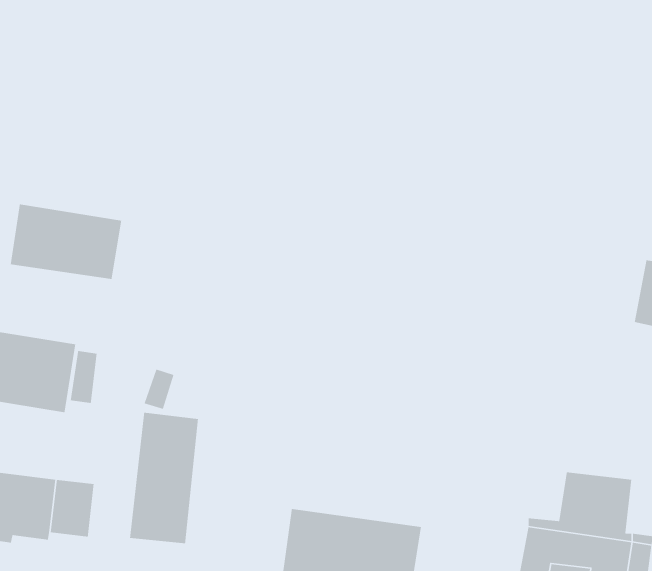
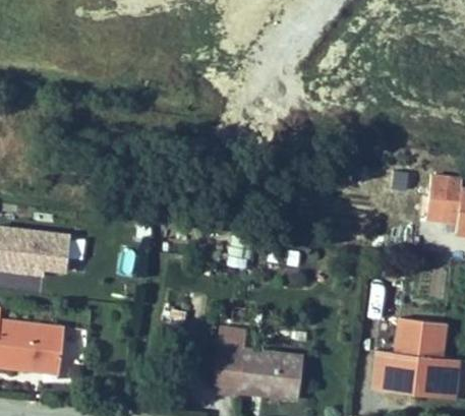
building: [10,203,122,280] -> none
building: [129,412,199,544] -> none

